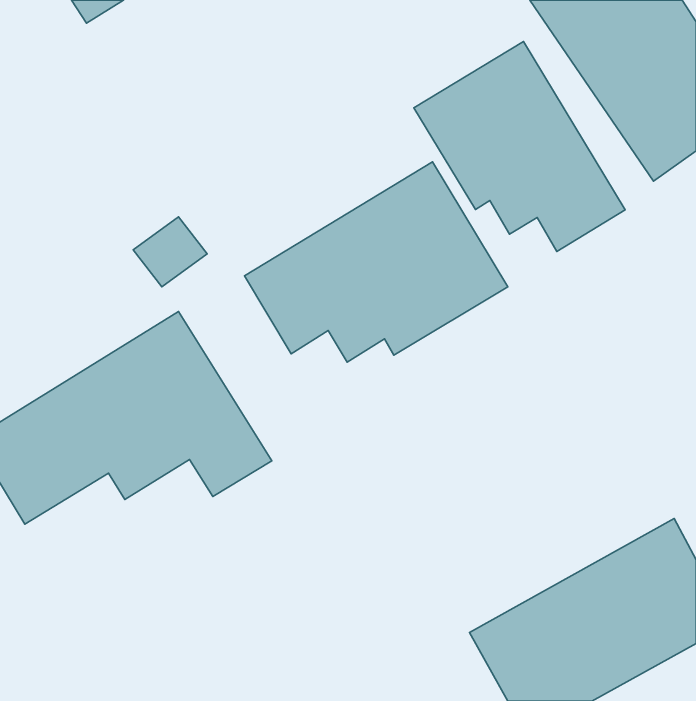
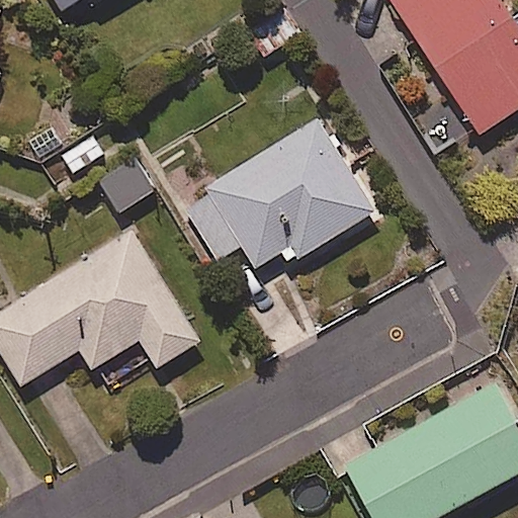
building: [414,41,625,251] -> none

